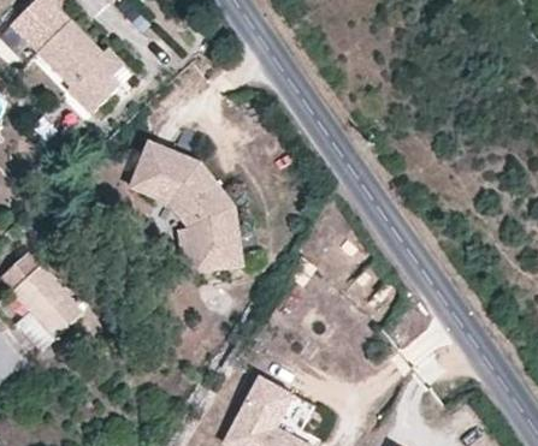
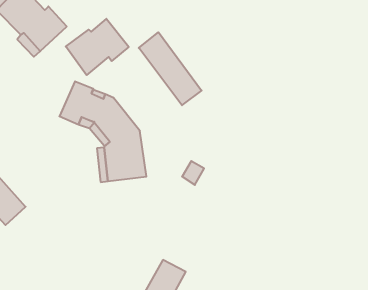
building: none -> [66,19,129,75]
building: none -> [139,32,202,105]

